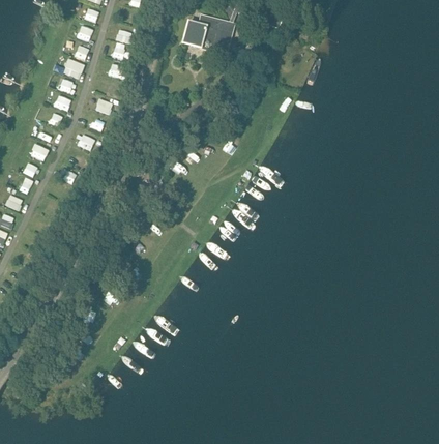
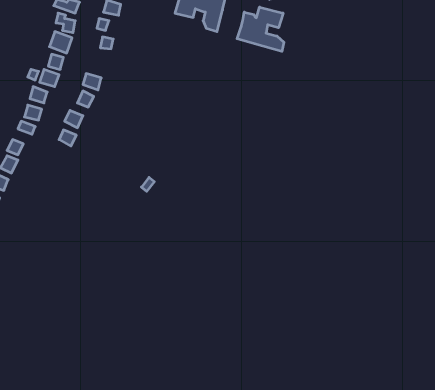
building: none -> [237,7,284,51]

